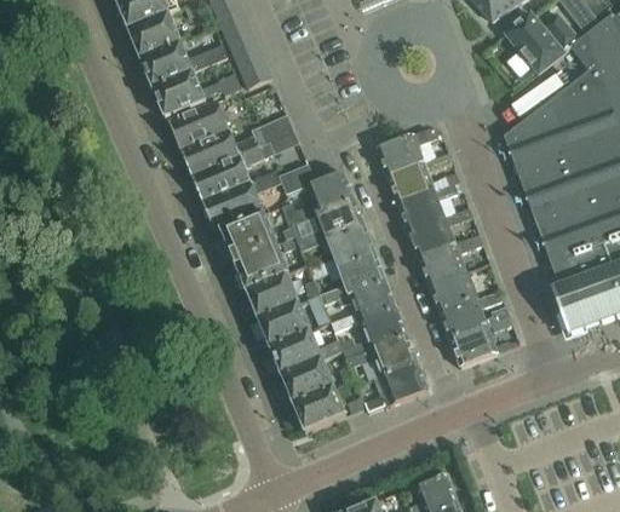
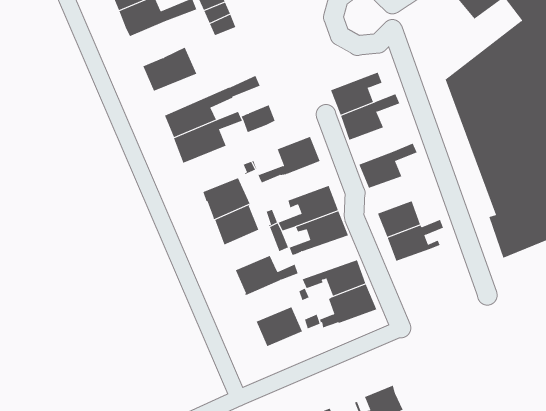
building: [154,70,239,116] -> none
building: [180,125,265,174] -> none
building: [281,171,355,223] -> none
building: [397,178,463,229] -> none
building: [222,212,275,259] -> none
building: [308,225,375,276] -> none
building: [419,232,483,283] -> none
building: [259,301,310,346] -> none
building: [337,307,407,356] -> none
building: [449,323,511,366] -> none
building: [283,357,334,403] -> none

